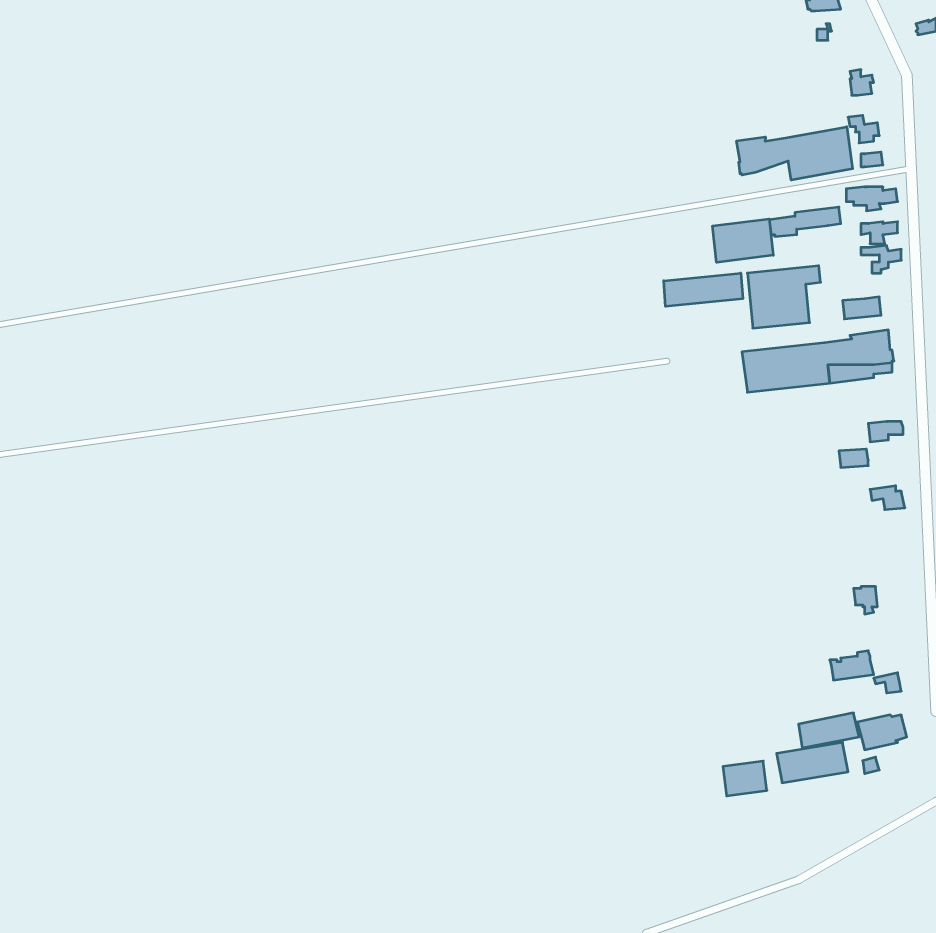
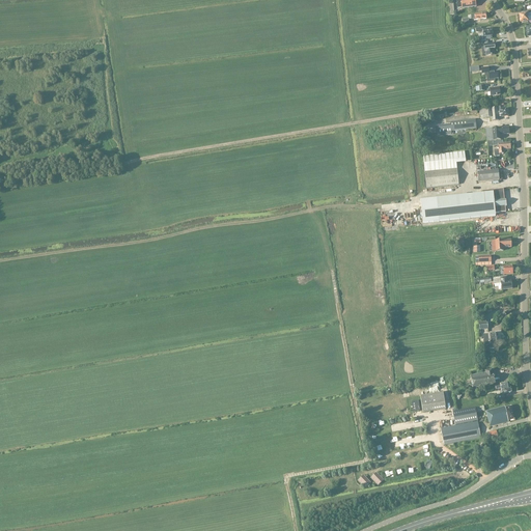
building: [737,127,853,180] -> none
building: [713,219,773,262] -> none
building: [664,273,743,306] -> none
building: [723,761,767,796] -> [420,391,445,411]

